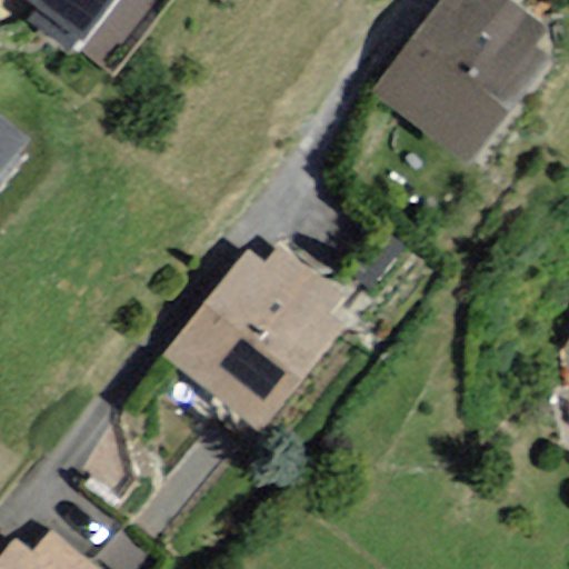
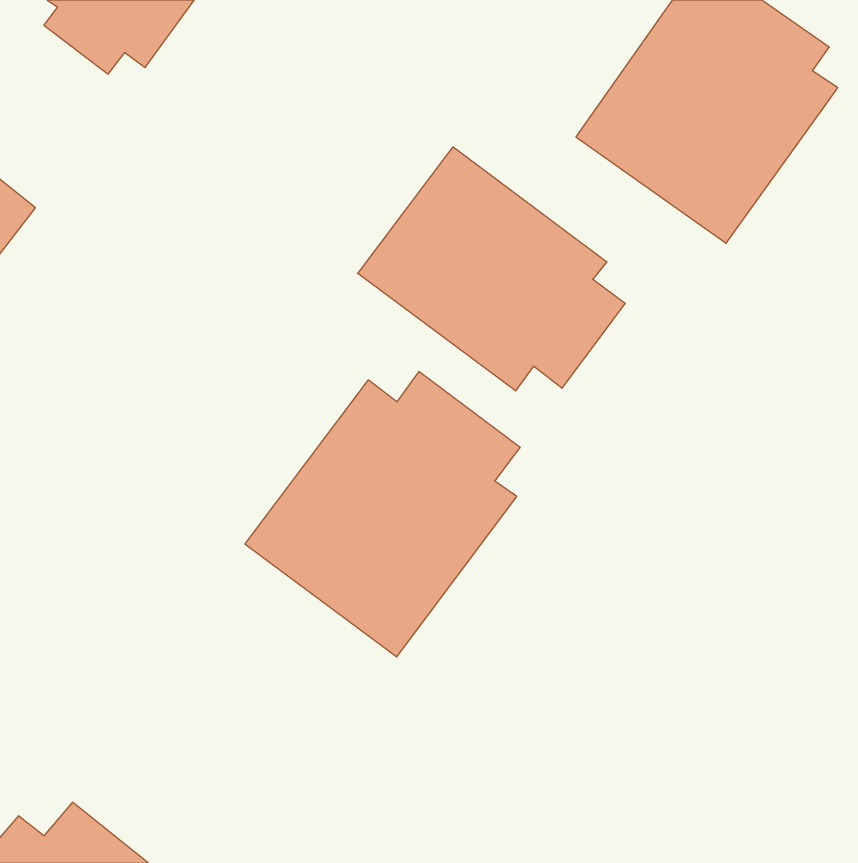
building: none -> [358,147,625,391]

